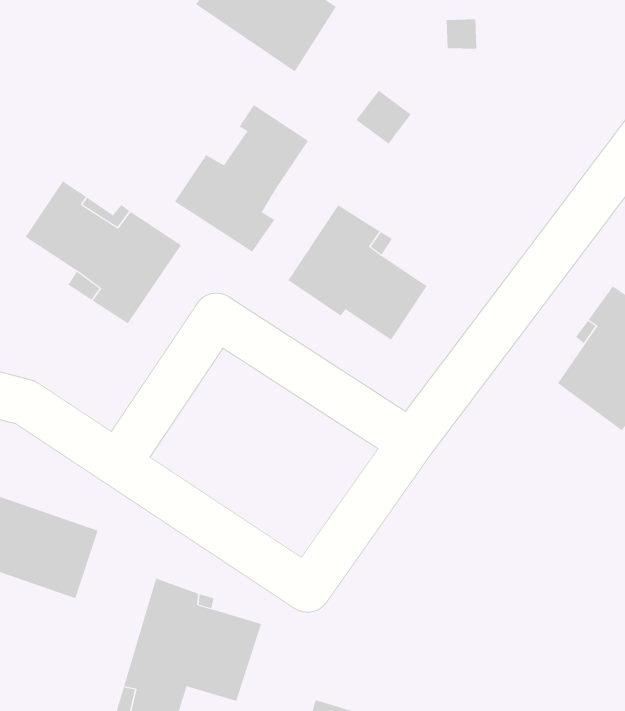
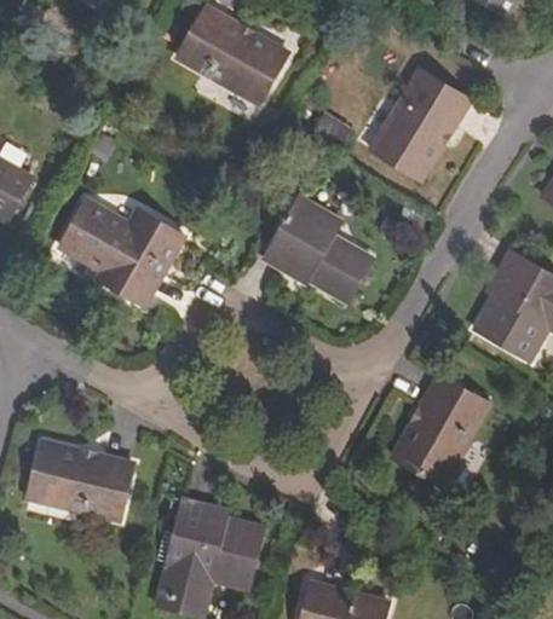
building: none -> [369,64,467,172]
building: [174,104,309,253] -> none
building: none -> [396,376,490,484]

